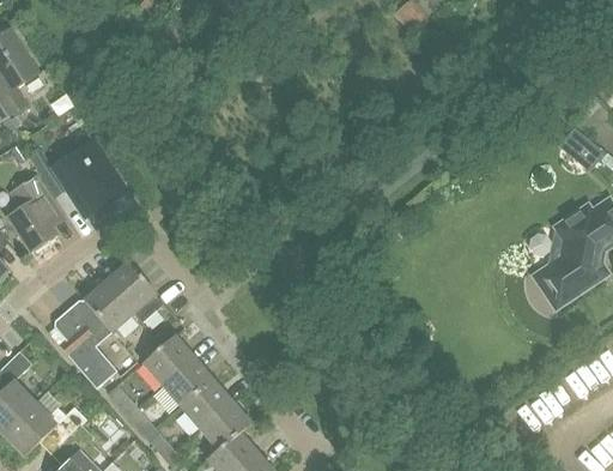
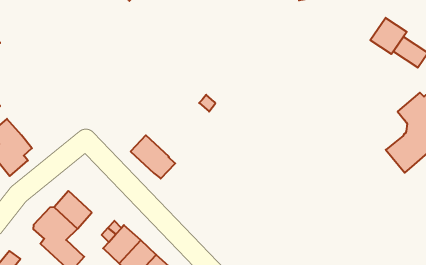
building: none -> [370,18,407,54]
building: [54,141,114,216] -> none
building: [107,261,164,321] -> [131,135,175,179]

